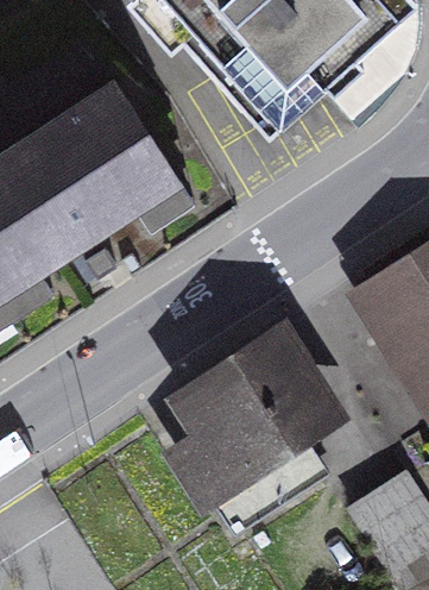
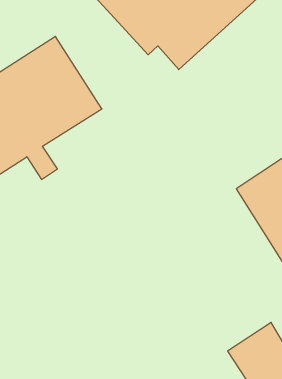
building: [187,339,326,528] -> none

